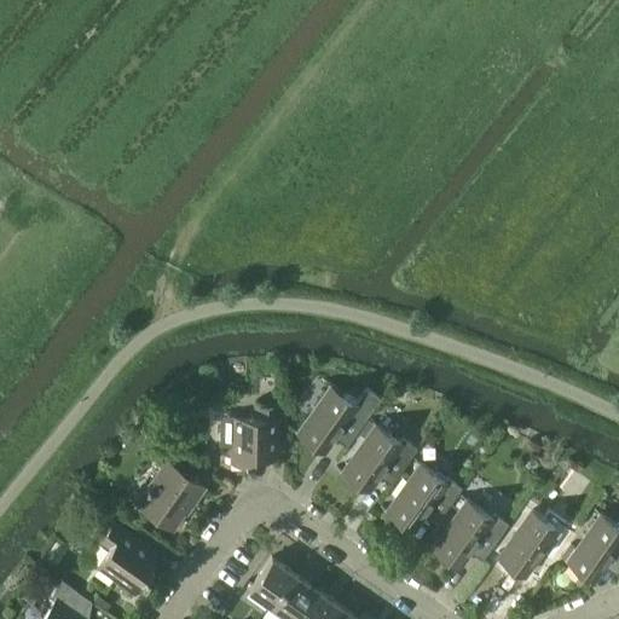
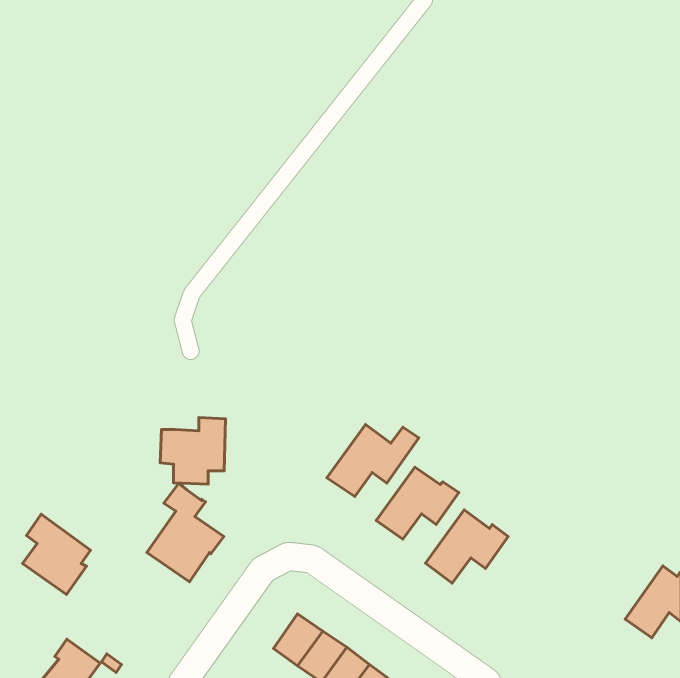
building: [219,406,278,467] -> [160,418,225,484]
building: [434,502,508,567] -> none
building: [498,511,573,578] -> none
building: [96,523,157,596] -> [23,514,91,594]

